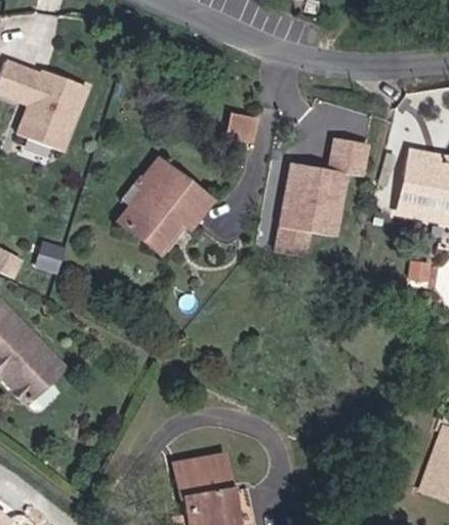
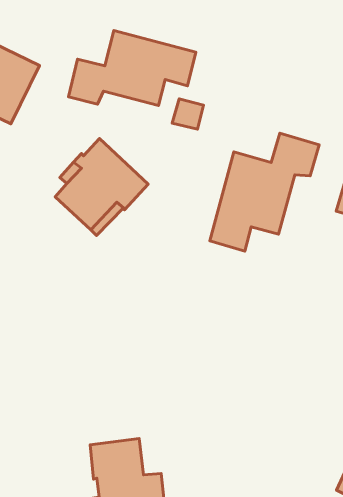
building: none -> [68,30,196,105]

